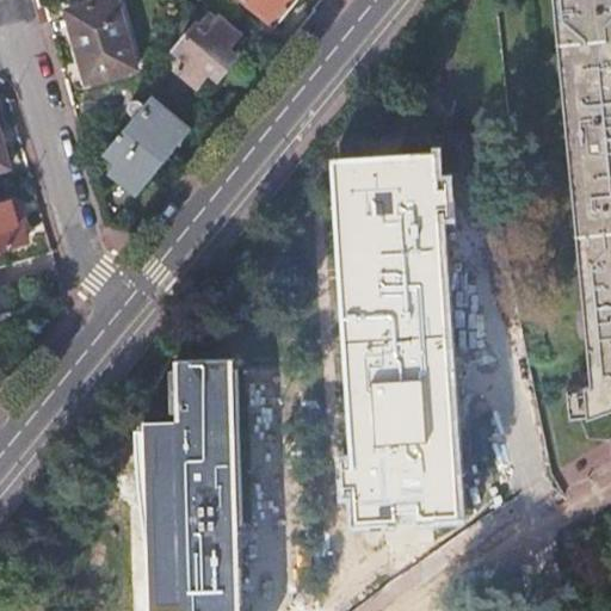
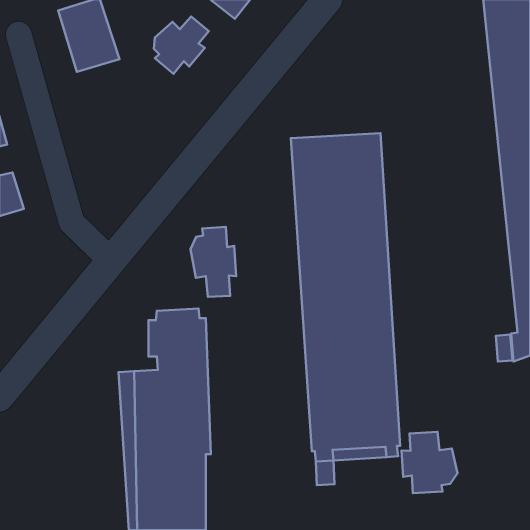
building: [109,99,190,193] -> none
building: none -> [191,227,236,297]
building: none -> [402,432,458,493]

